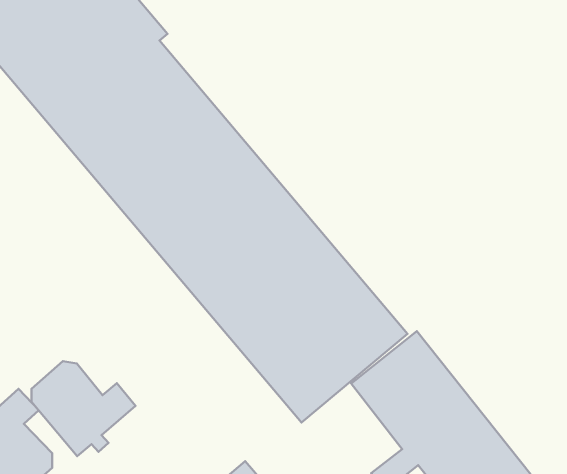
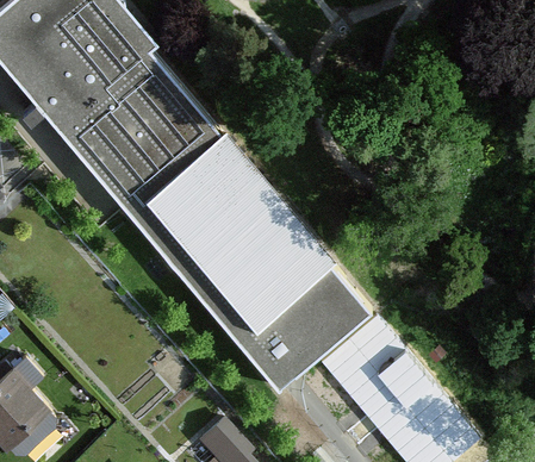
building: [31,361,136,456] -> none

